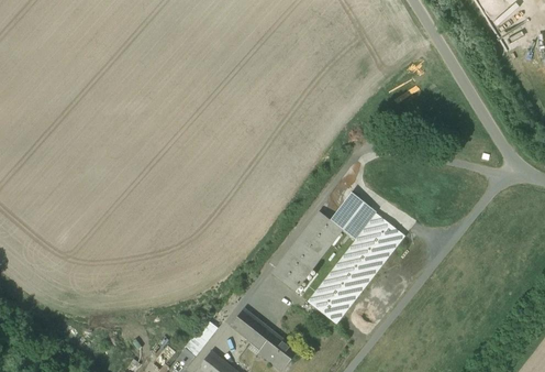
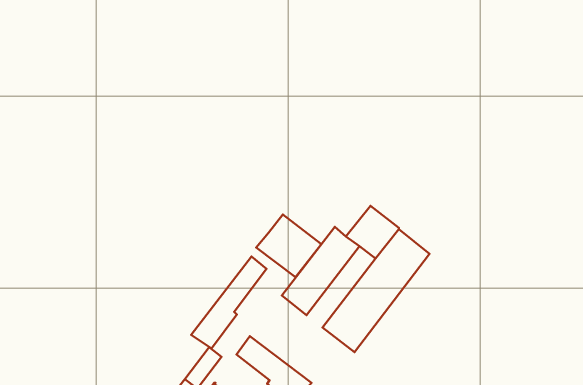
building: none -> [256,215,321,277]
building: none -> [191,257,267,349]

